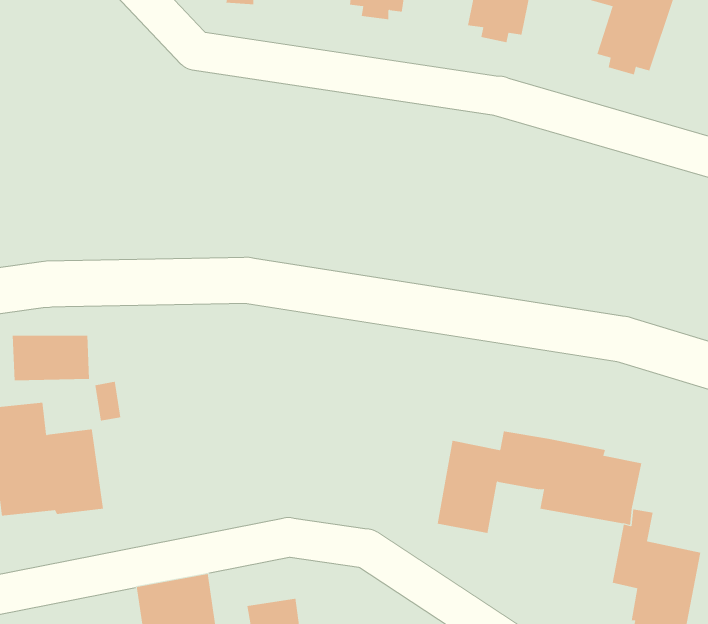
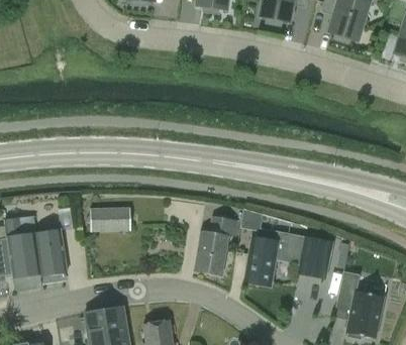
building: [12,335,90,381] -> [90,206,131,230]
building: none -> [194,216,236,274]

